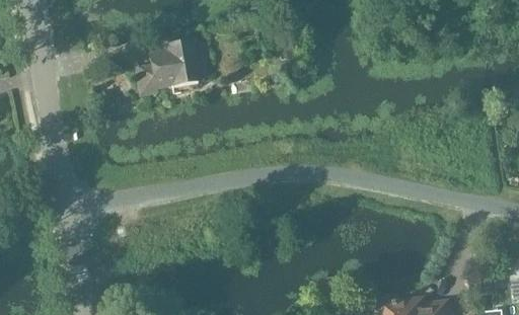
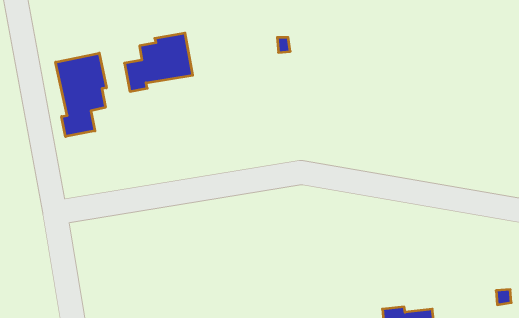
building: none -> [56,53,106,137]

